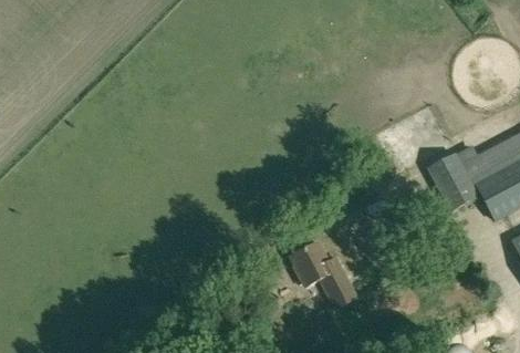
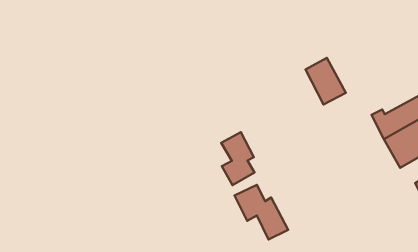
building: [428,154,478,211] -> [305,58,346,104]
building: none -> [221,132,254,185]

